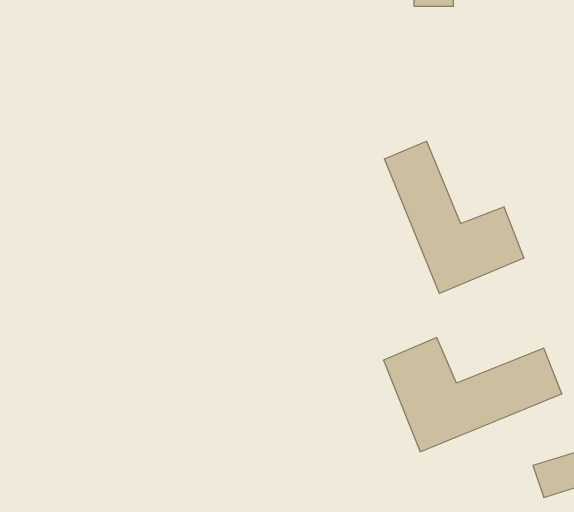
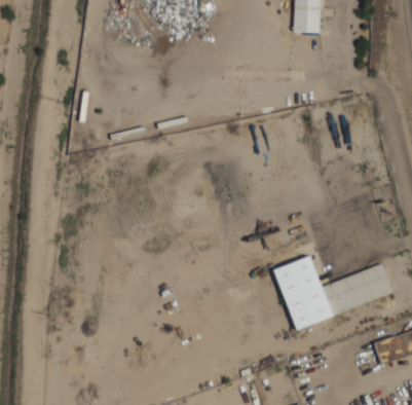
building: [384,141,524,293] -> none

